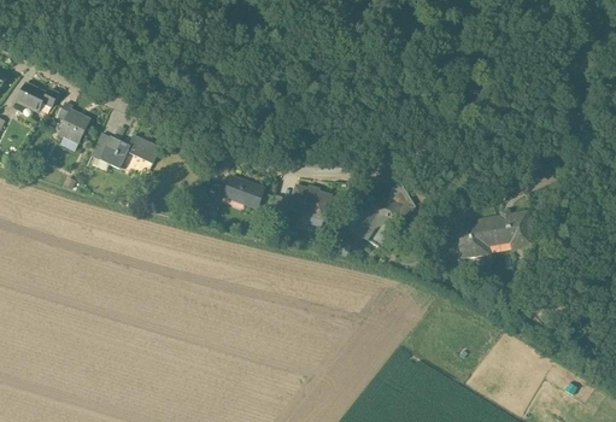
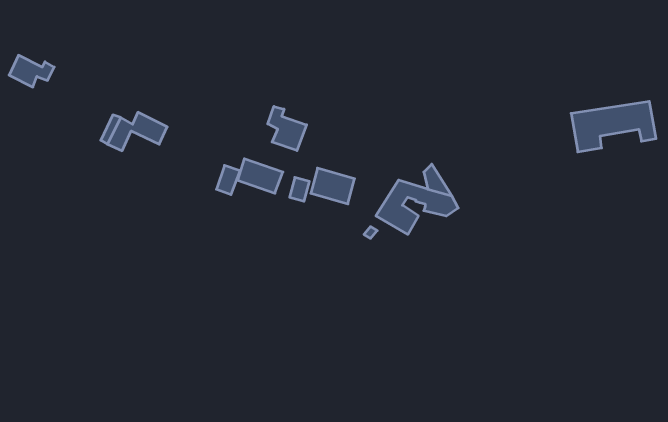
building: [59,101,90,142] -> none
building: none -> [268,106,307,151]
building: [456,211,533,257] -> [571,101,656,152]

